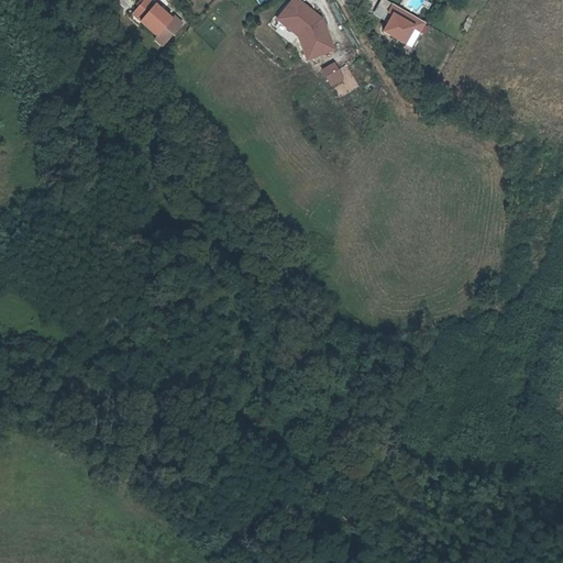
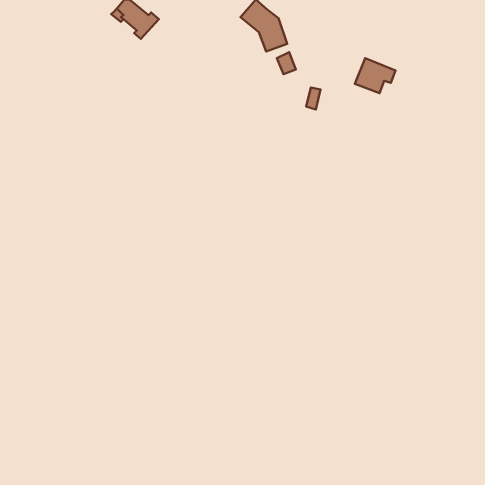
building: [379,4,427,45] -> [355,58,396,93]

